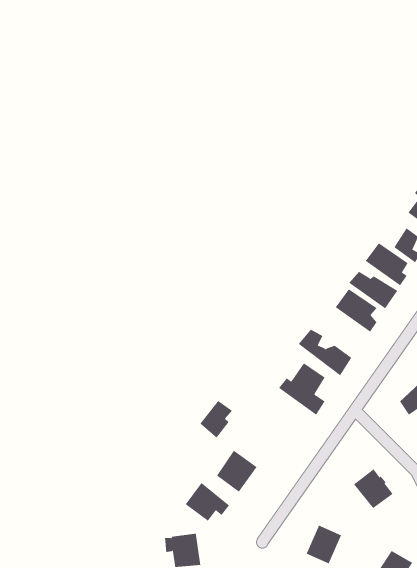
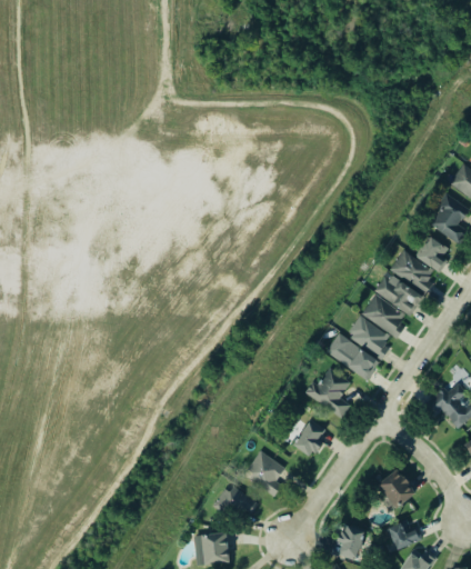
building: none -> [348,317,388,358]
building: [199,400,233,438] -> [292,421,324,458]
building: none -> [389,520,423,550]

